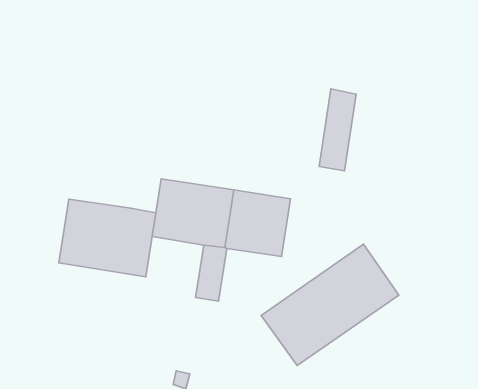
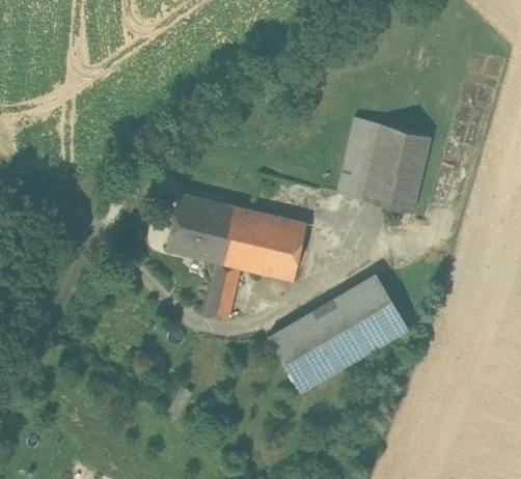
building: none -> [363,124,432,214]
building: [59,199,156,277] -> none

